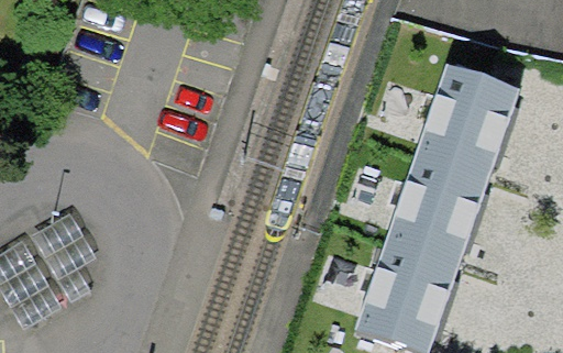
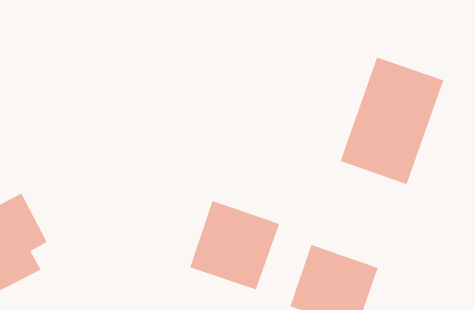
building: [377,176,481,290] -> none
building: none -> [189,200,280,290]

